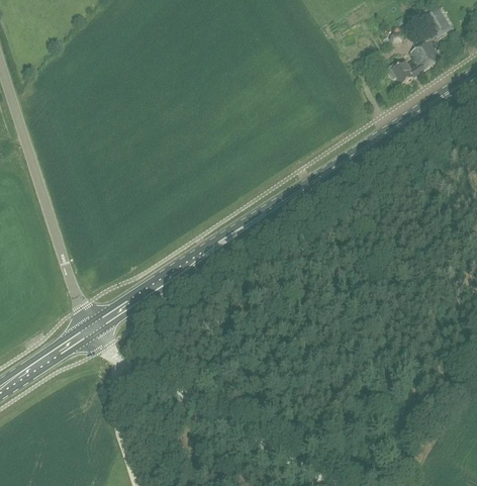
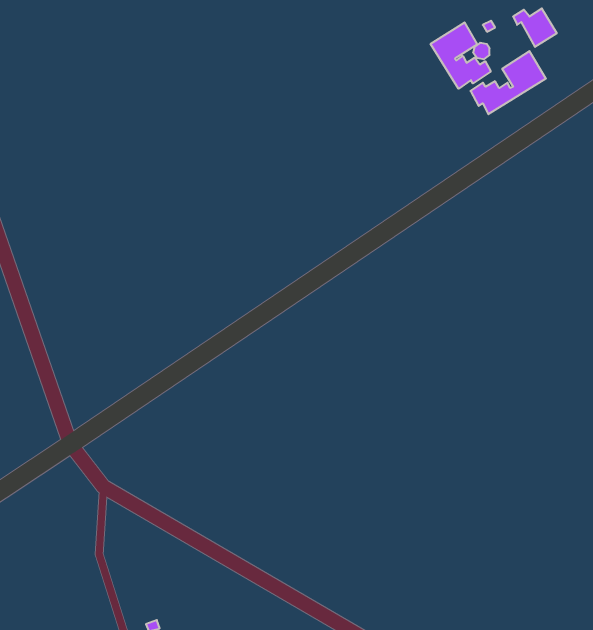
building: none -> [431,22,491,89]

